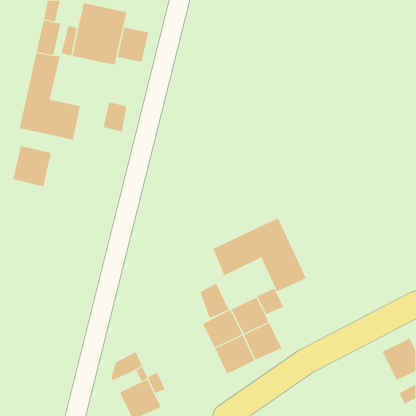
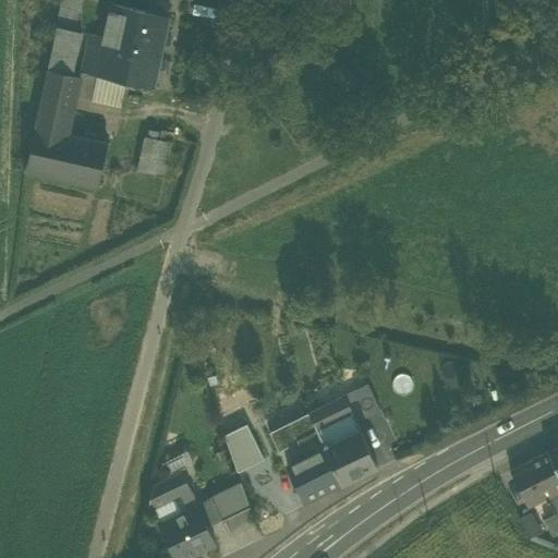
building: [117,27,149,63] -> none
building: [13,145,51,187] -> none
building: [212,218,307,292] -> none
building: [199,283,230,319] -> [223,424,264,472]
building: none -> [209,483,248,522]

